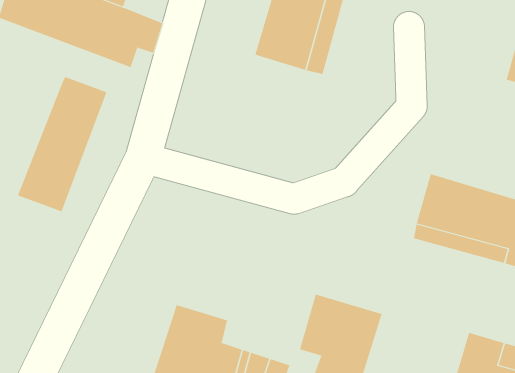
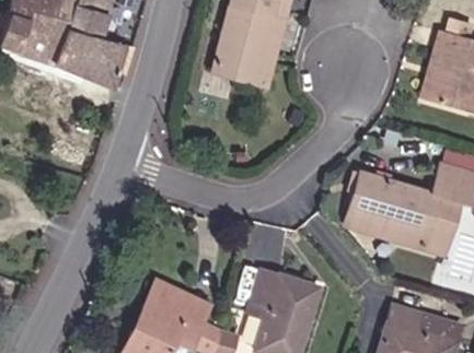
building: [17,76,107,212] -> none

